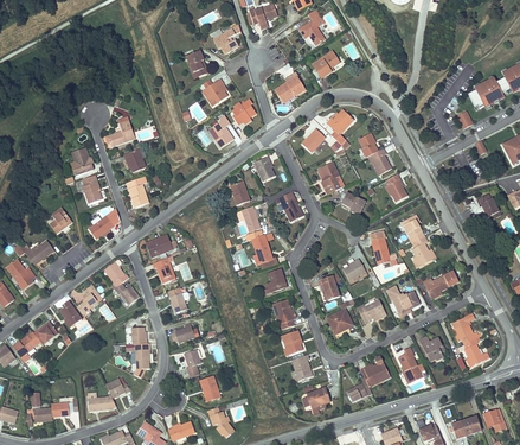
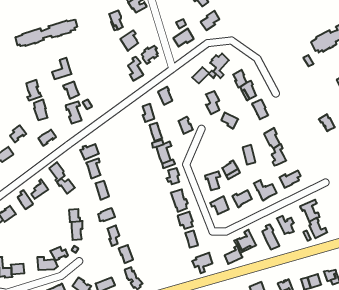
building: none -> [16,20,77,46]

